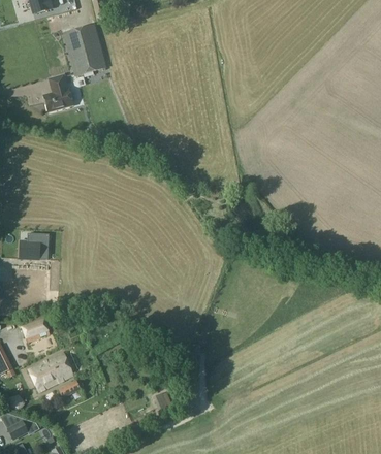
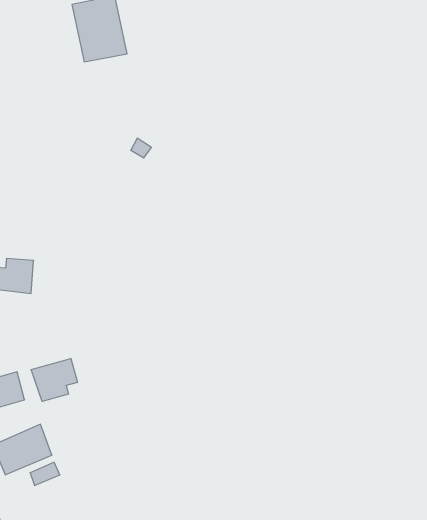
building: [43,73,72,110] -> none
building: none -> [31,358,78,401]

